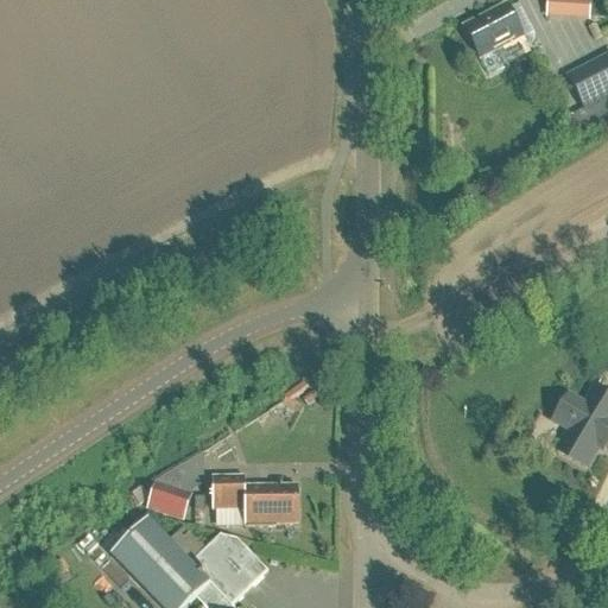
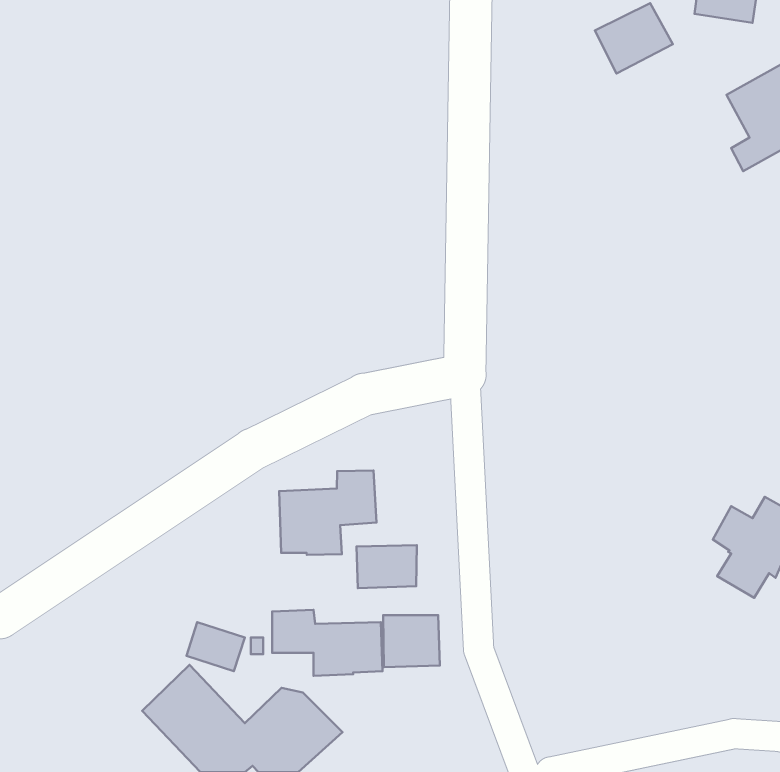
building: none -> [279,470,376,555]
building: none -> [357,545,417,588]
building: none -> [383,615,440,667]

